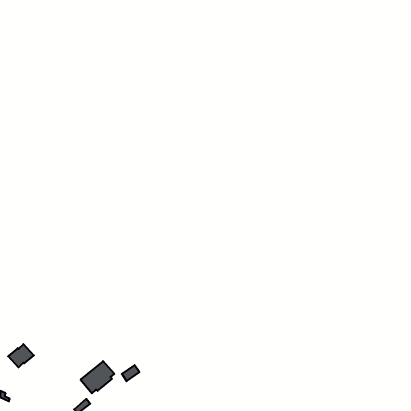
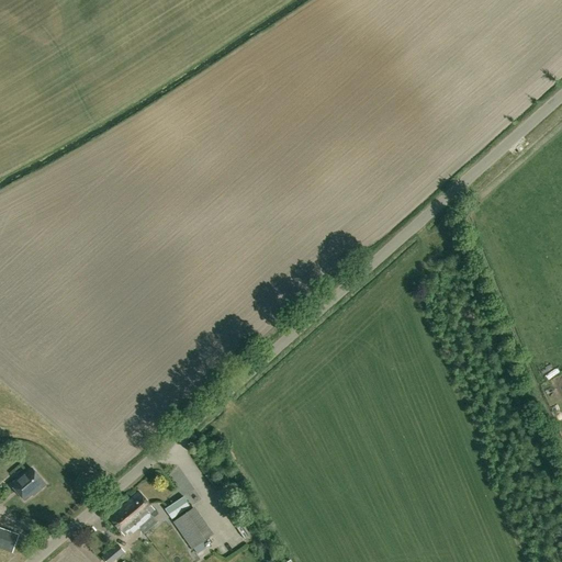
building: none -> [175,510,213,551]

